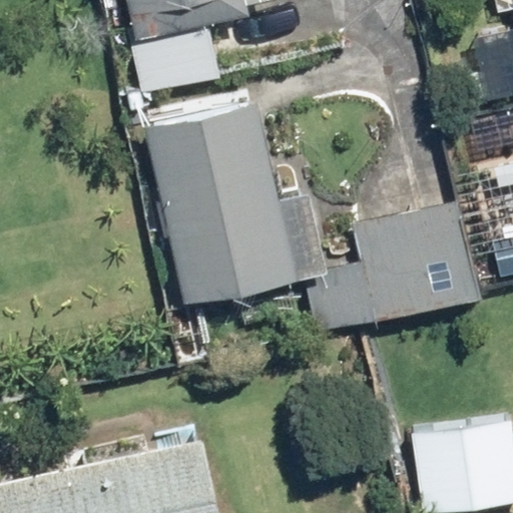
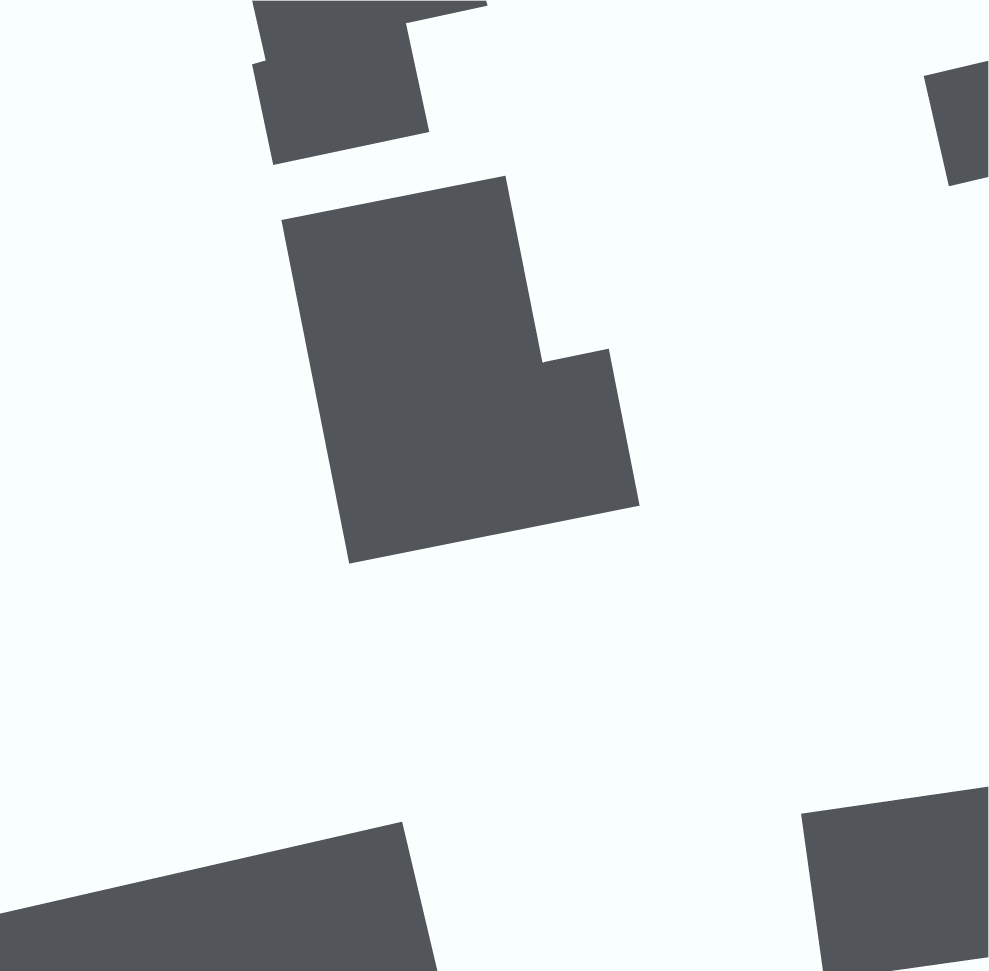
building: [302,200,480,337] -> none

